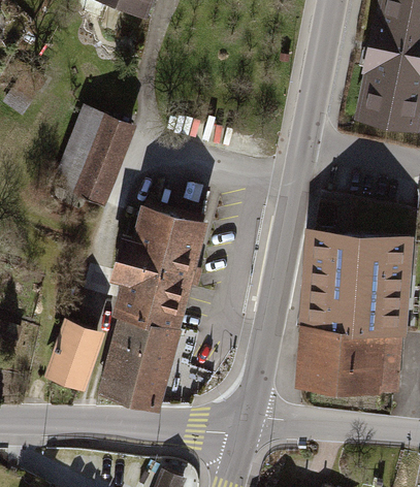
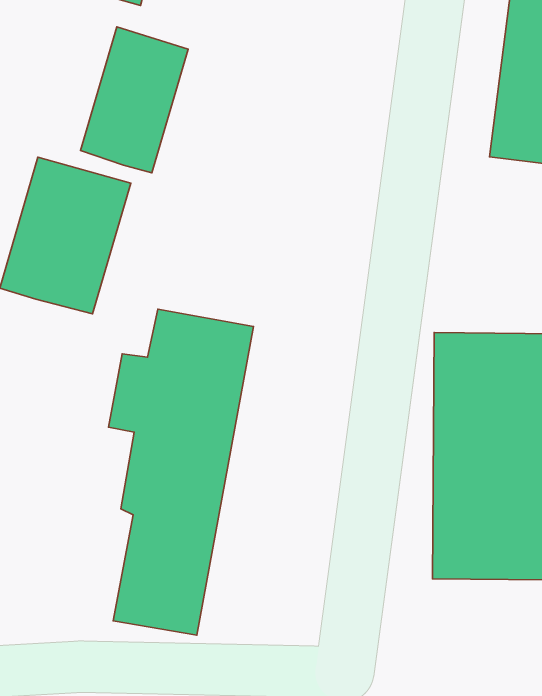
building: none -> [81,27,188,173]
building: [46,322,105,393] -> none

